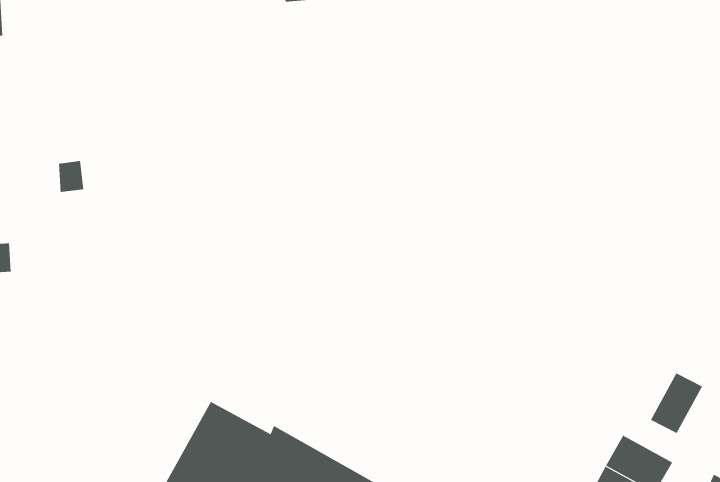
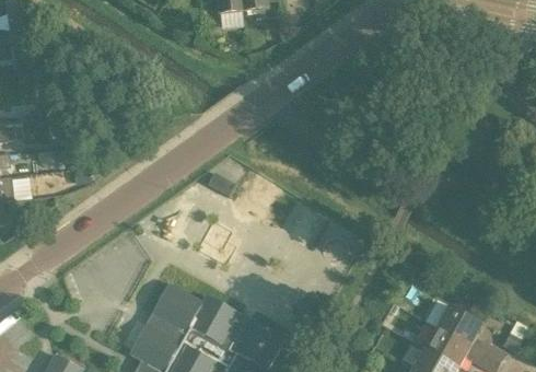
building: [650,373,703,434] -> none

